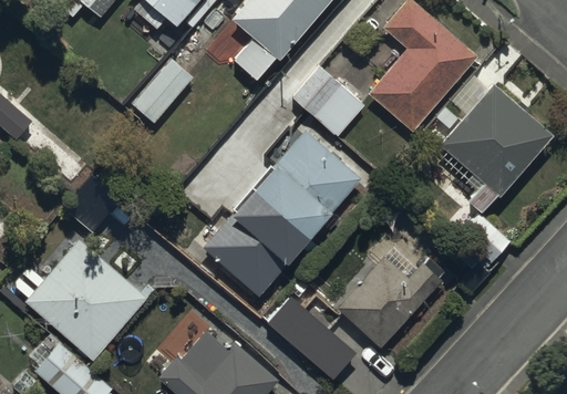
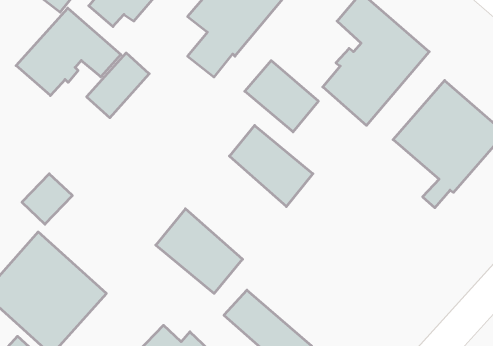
building: none -> [16,8,121,96]
building: [230,162,332,266] -> none
building: [337,257,445,346] -> none

